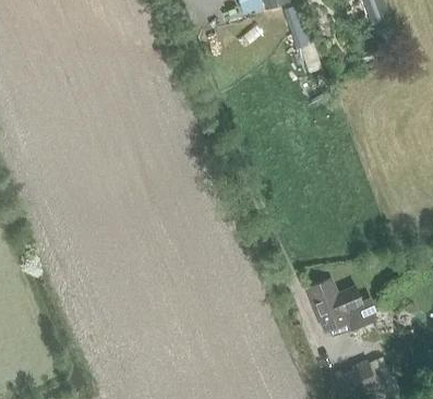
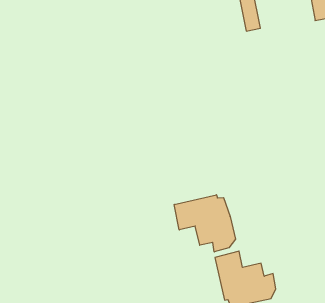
building: none -> [174,195,235,252]

